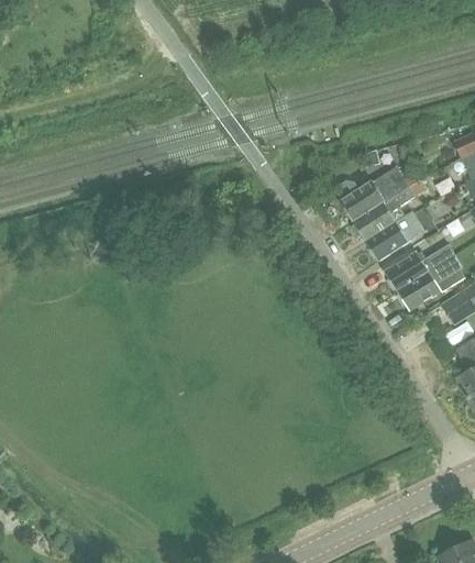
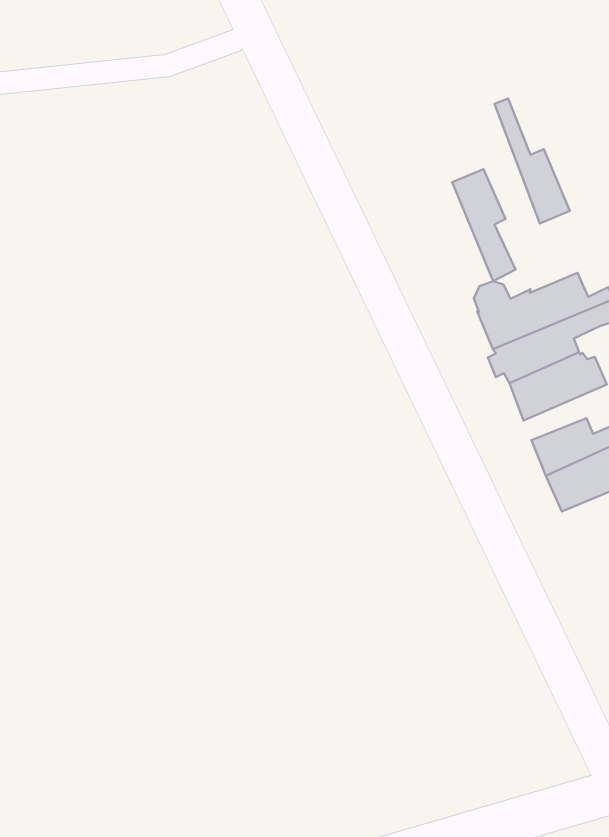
building: none -> [495,98,570,223]
building: none -> [452,169,516,281]

